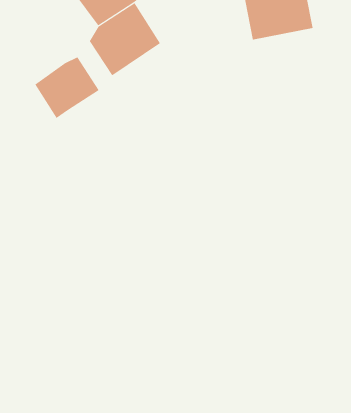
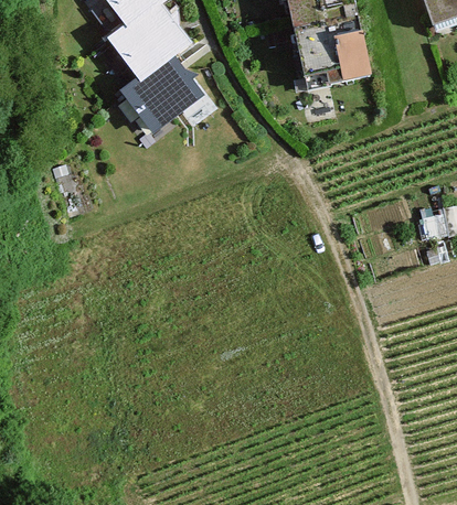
building: [35,57,99,119] -> none

